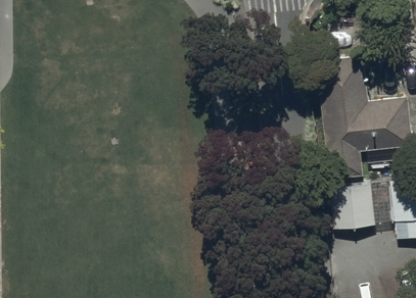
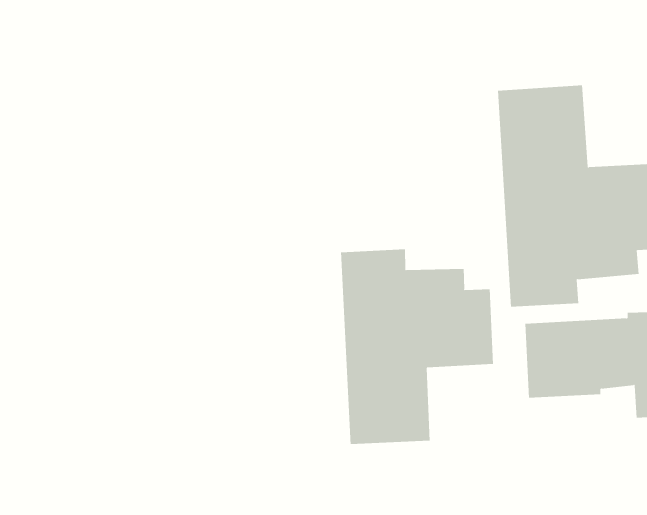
building: none -> [341,248,494,445]

